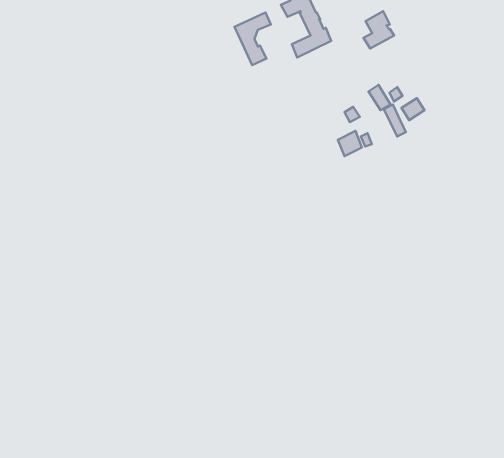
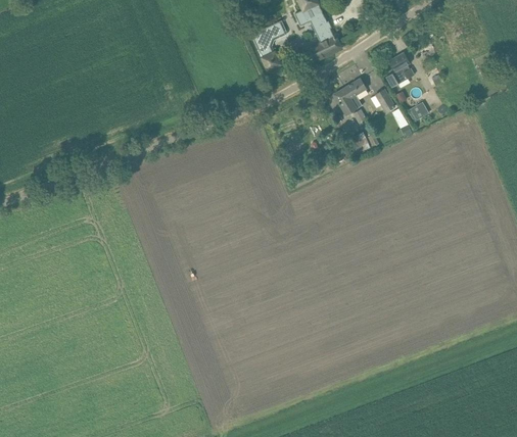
building: [363,11,394,49] -> [385,51,414,86]
building: none -> [333,78,366,114]

